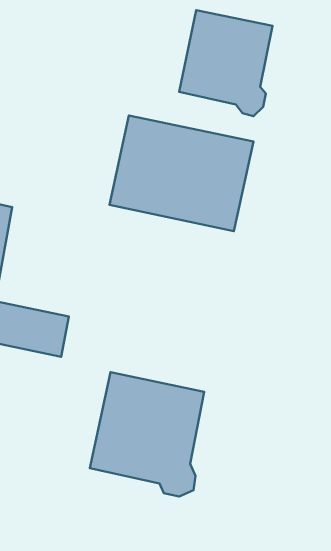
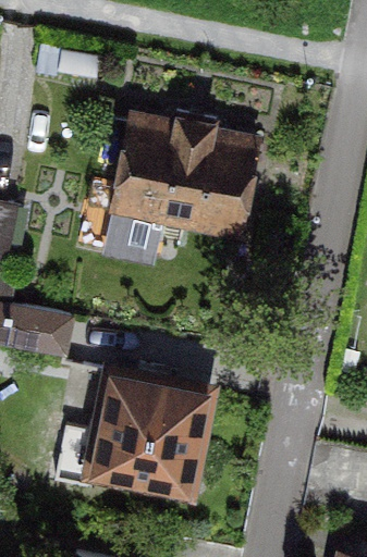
building: [179,10,273,116] -> none

